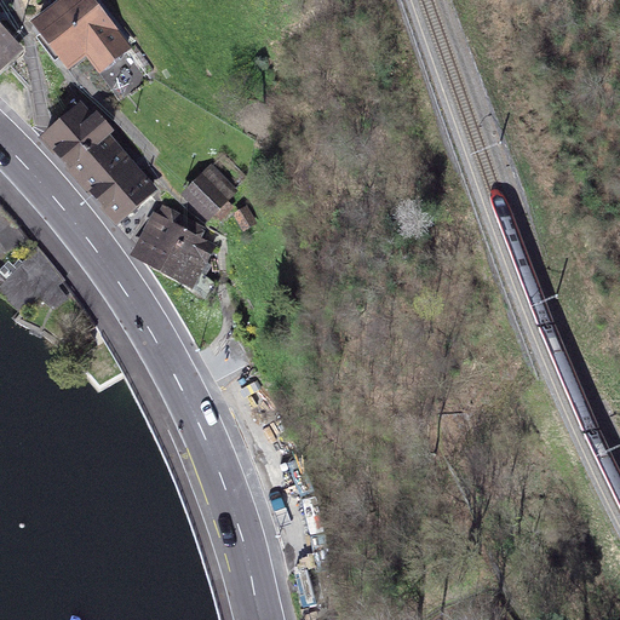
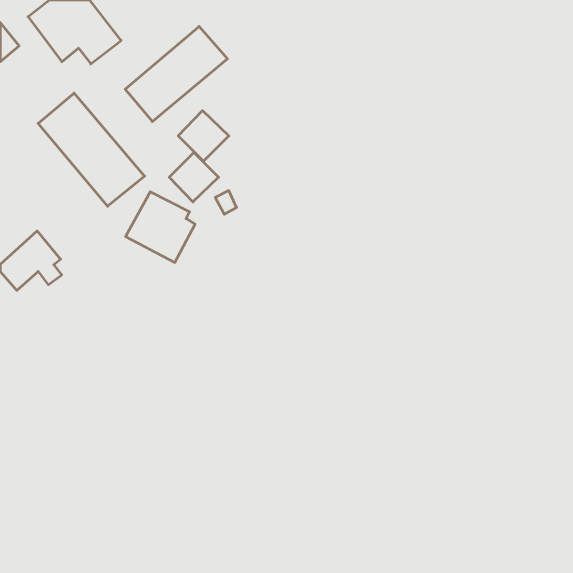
building: none -> [125,26,227,122]
building: none -> [178,111,229,161]

